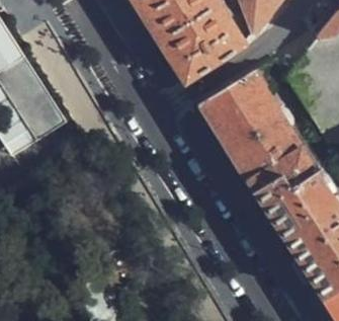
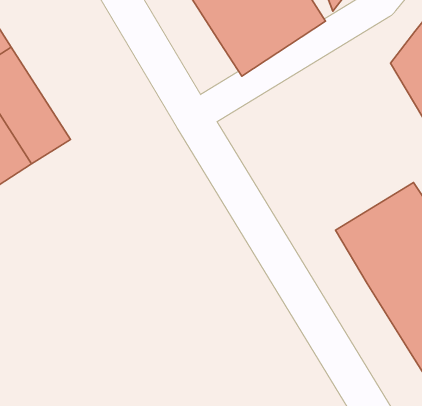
building: [199,69,307,188] -> none

